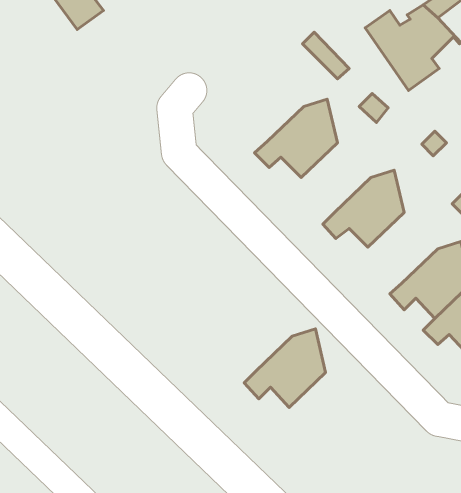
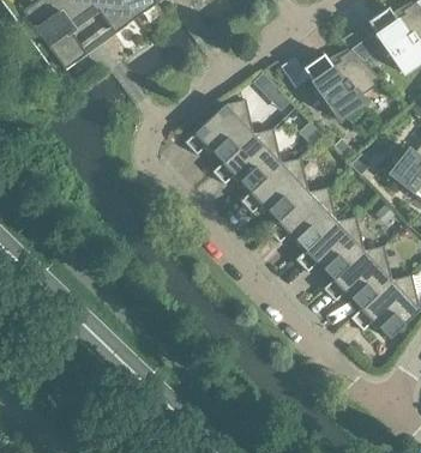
building: none -> [184,99,252,162]
building: none -> [239,157,307,221]
building: [244,329,326,407] -> [295,215,362,279]

